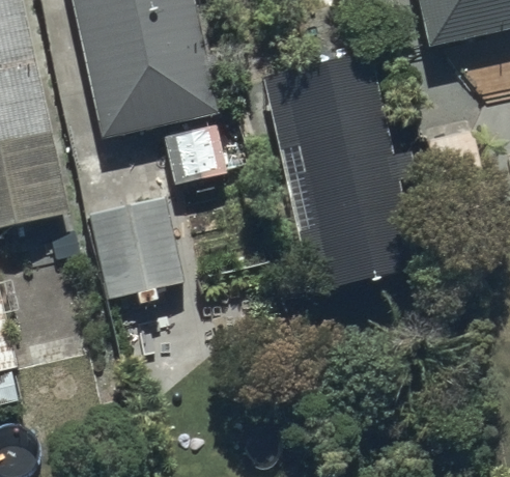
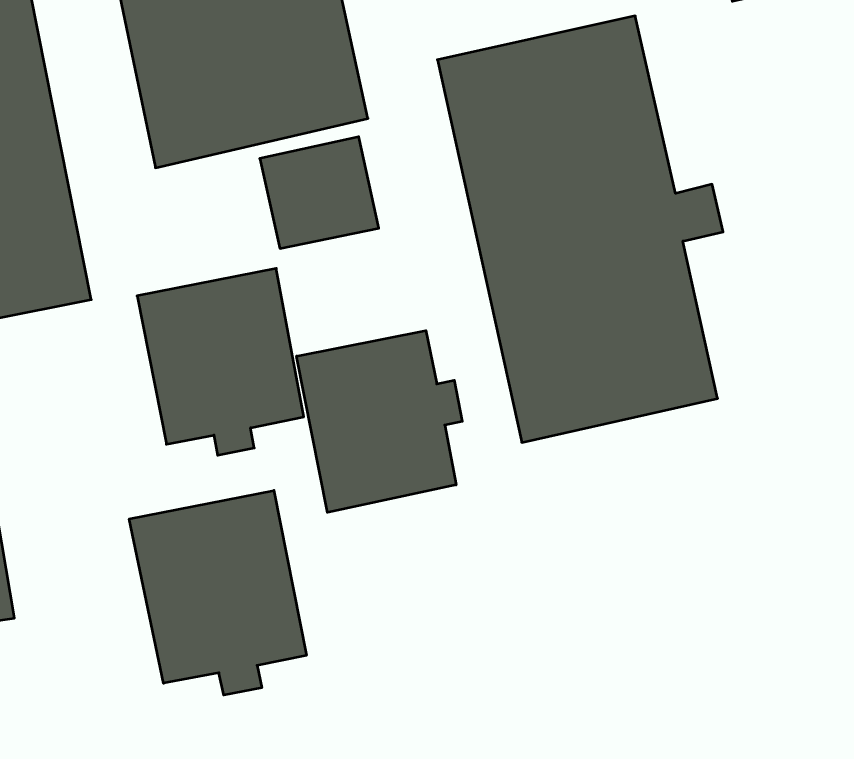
building: none -> [297,331,462,512]
building: none -> [129,490,306,695]

